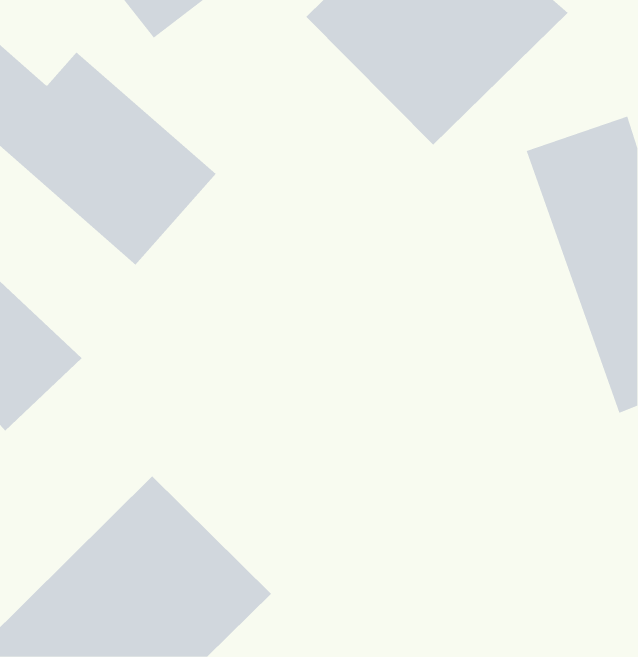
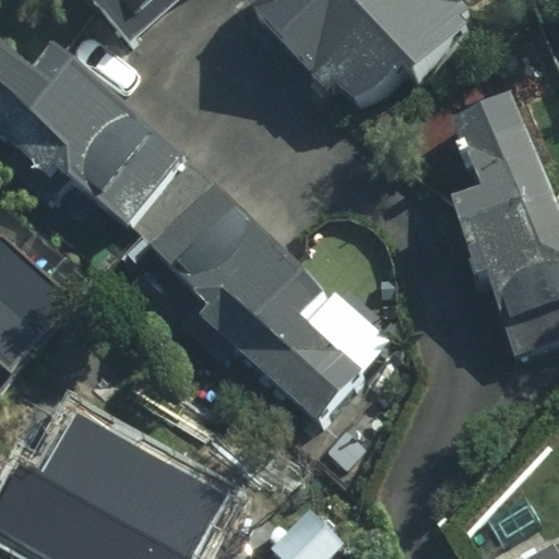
building: none -> [150,185,385,421]

